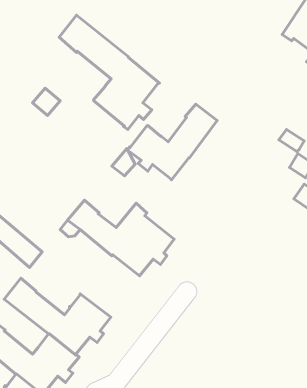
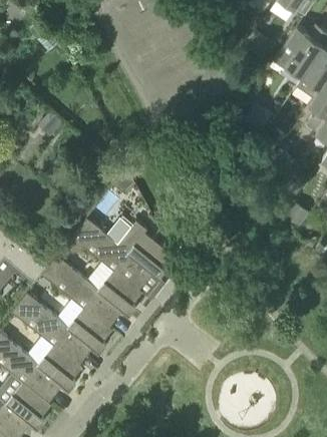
building: [59,15,159,129] -> none
building: [128,104,217,180] -> none
building: none -> [40,256,141,328]

